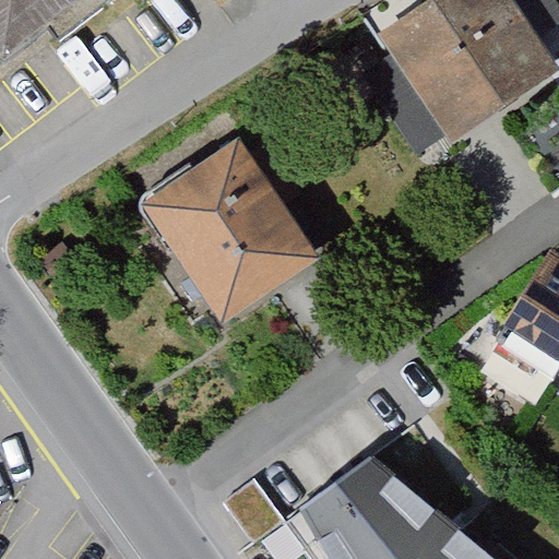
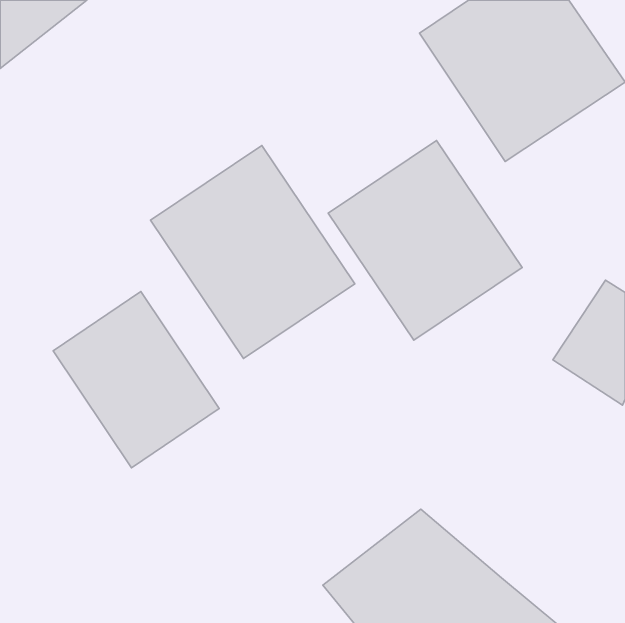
building: none -> [328,140,522,340]
building: none -> [53,292,219,468]

